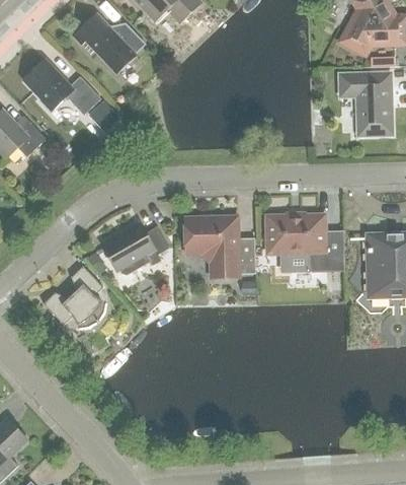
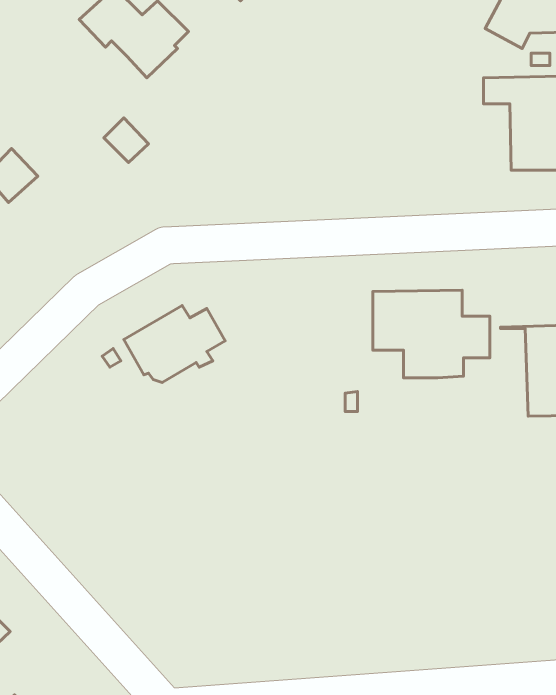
building: [25,62,100,115] -> none
building: [184,216,255,278] -> none
building: [43,266,106,330] -> none

